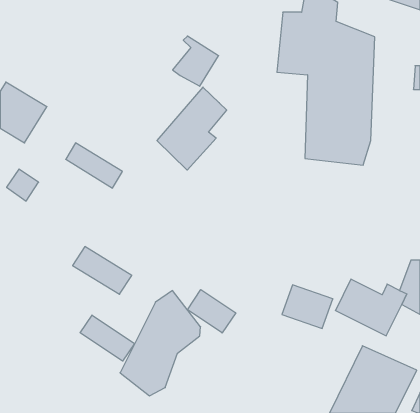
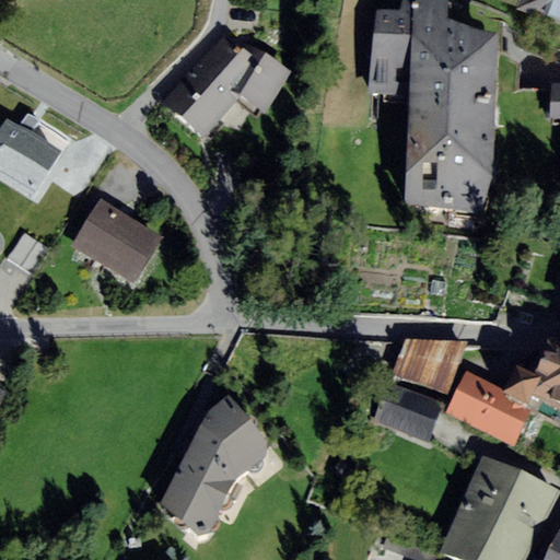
building: [157,87,227,170] -> [161,33,254,143]
building: [73,247,132,294] -> [71,212,150,276]
building: none -> [394,338,467,396]
building: [187,290,236,333] -> none
building: [80,315,135,361] -> none

